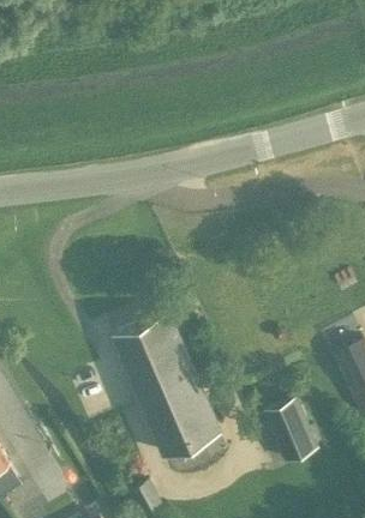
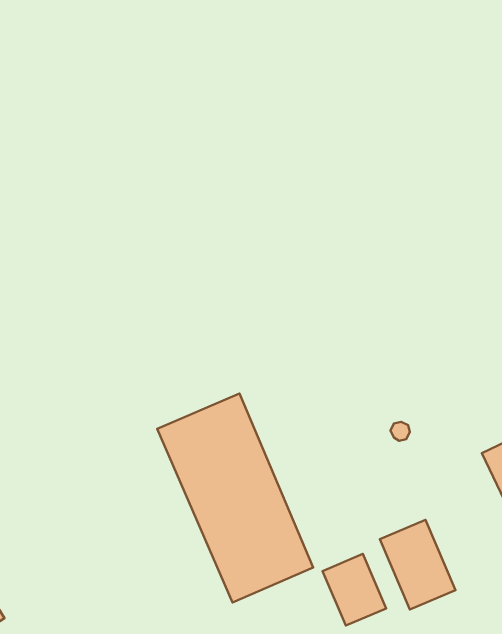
building: none -> [323,554,386,626]

